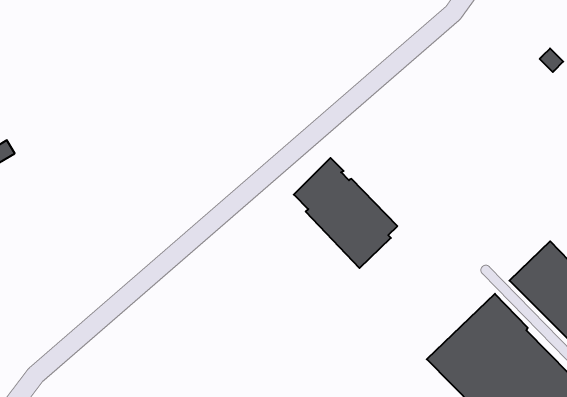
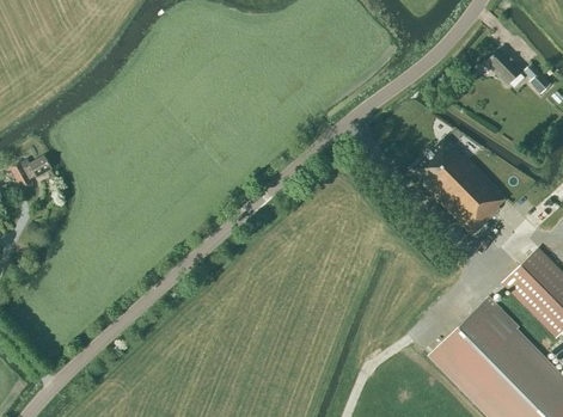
building: none -> [486,48,522,84]
building: [294,158,397,268] -> [414,135,508,235]

